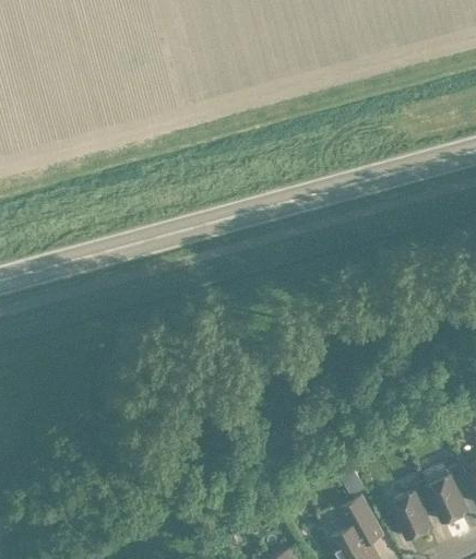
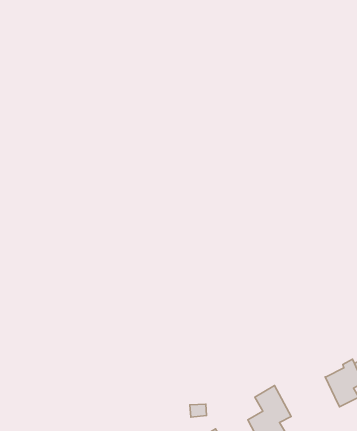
building: [390,481,437,539] -> none

